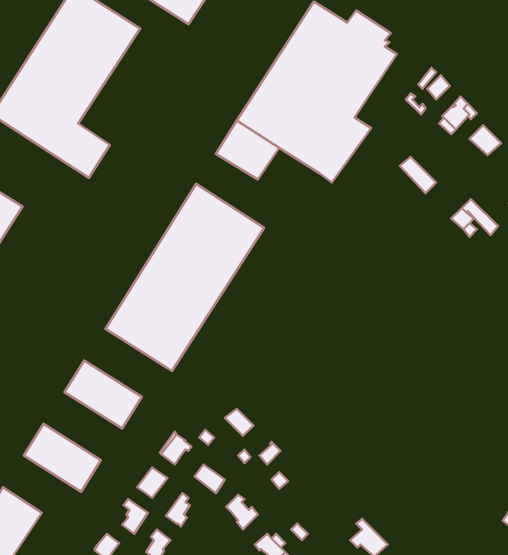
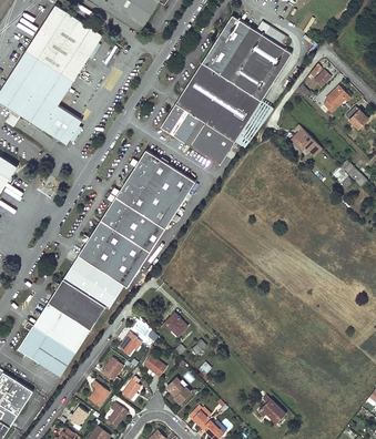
building: none -> [191,123,236,166]
building: none -> [63,256,124,308]
building: none -> [33,303,91,353]

